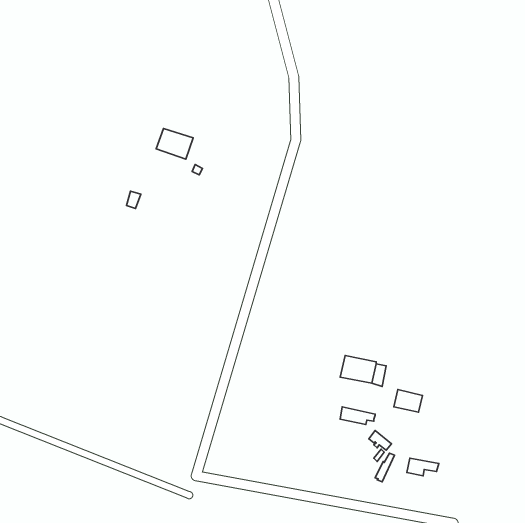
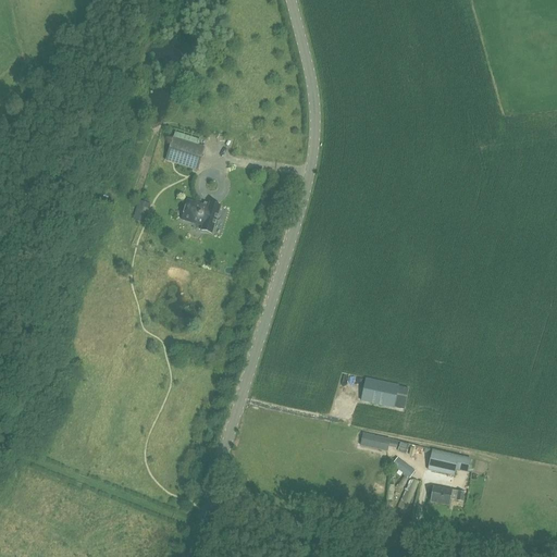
building: none -> [182,199,220,232]
building: [394,389,423,412] -> [428,449,458,473]

